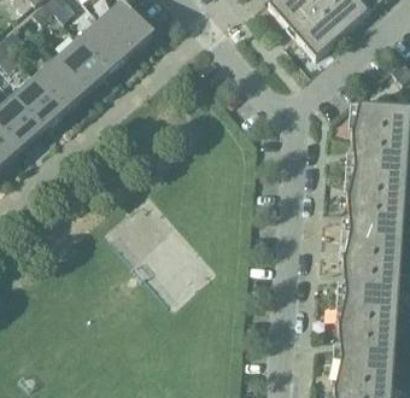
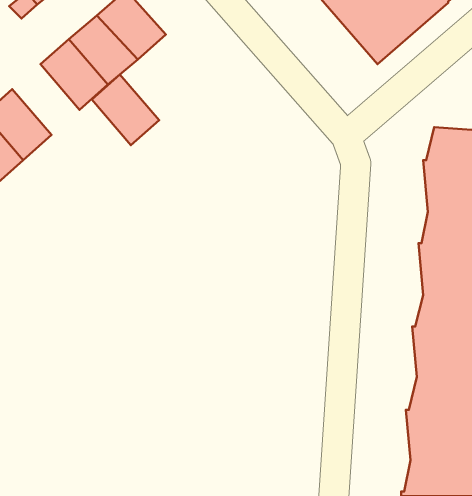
building: [35,55,87,110] -> [92,74,159,145]

